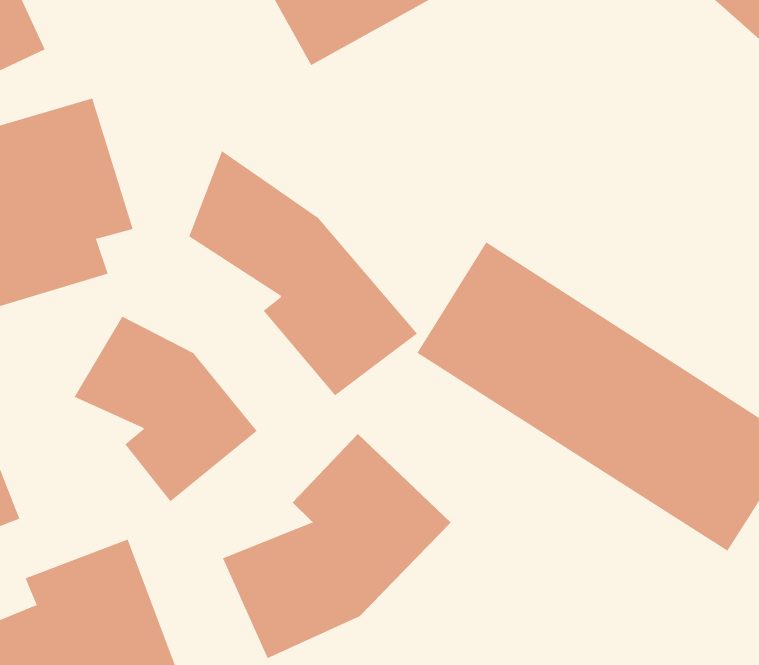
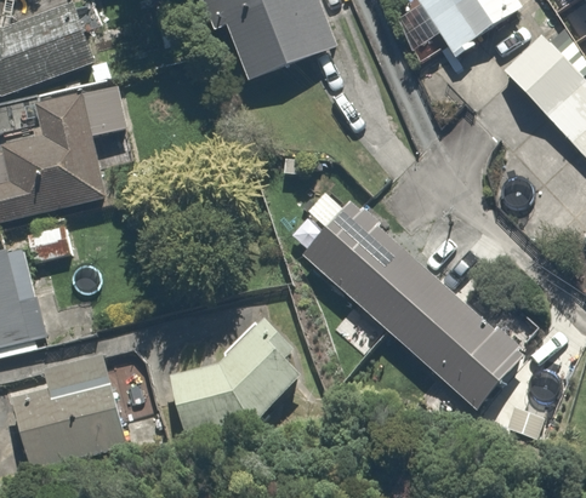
building: [188,150,418,396] -> none
building: [74,316,257,502] -> none

